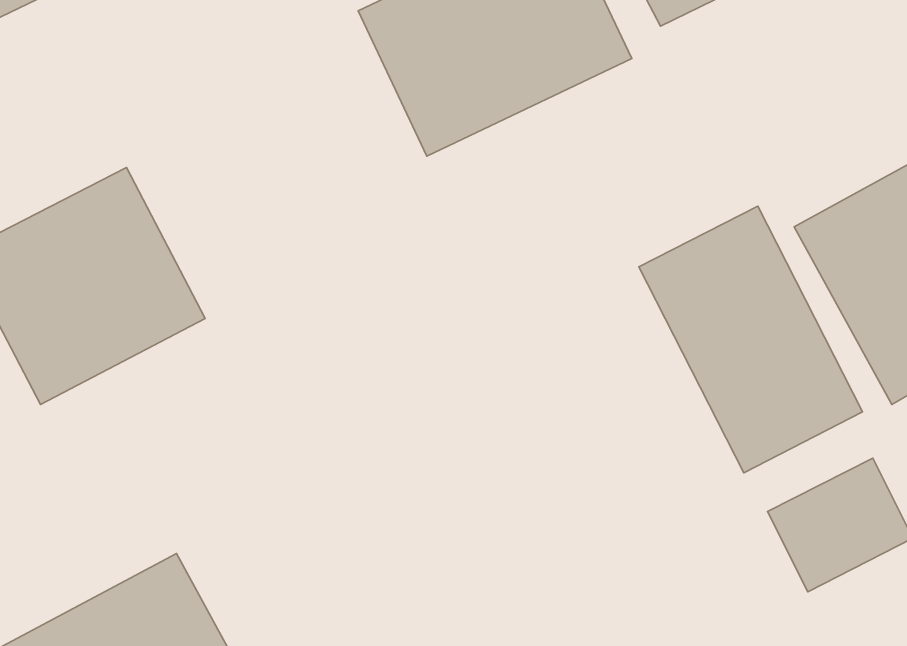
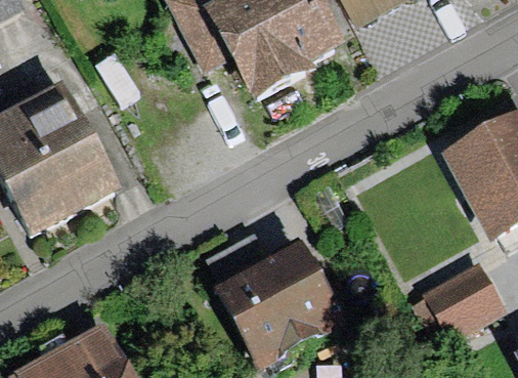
building: [639,206,863,473] -> none
building: none -> [204,230,341,362]

